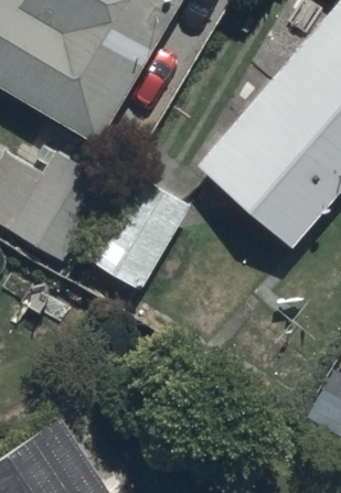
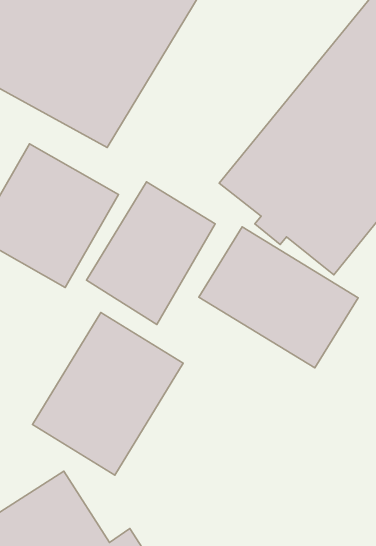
building: none -> [199,227,358,368]
building: none -> [33,313,183,475]

